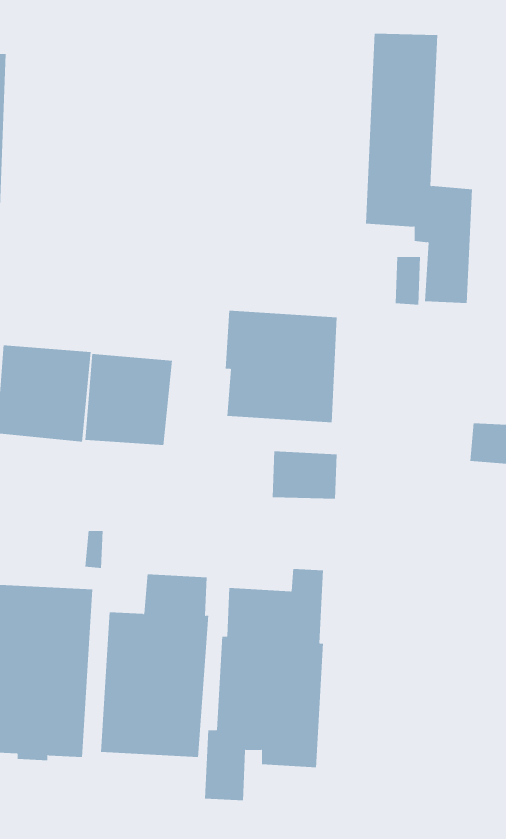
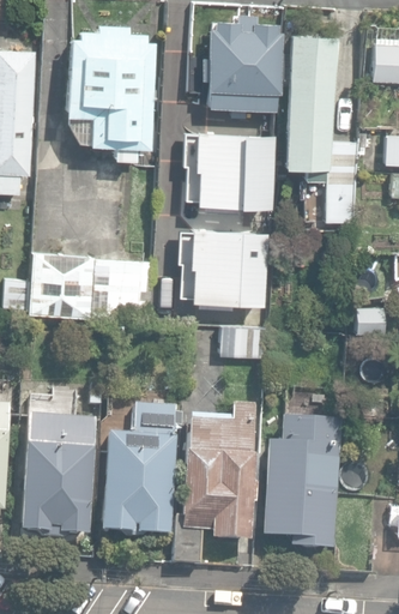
building: none -> [205,22,280,112]
building: none -> [68,30,156,162]
building: none -> [192,132,273,213]
building: none -> [264,420,340,552]

